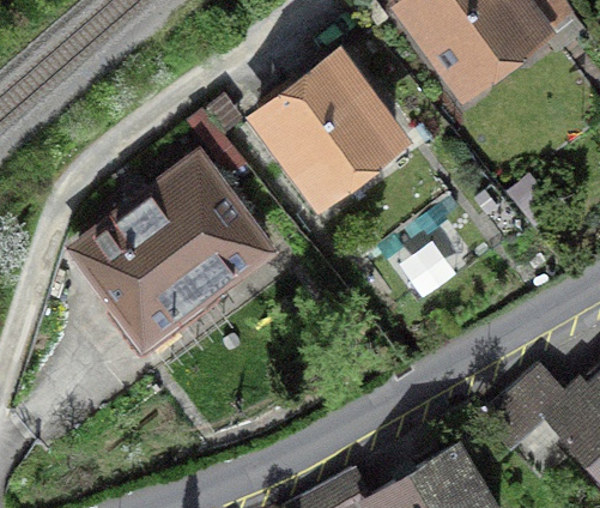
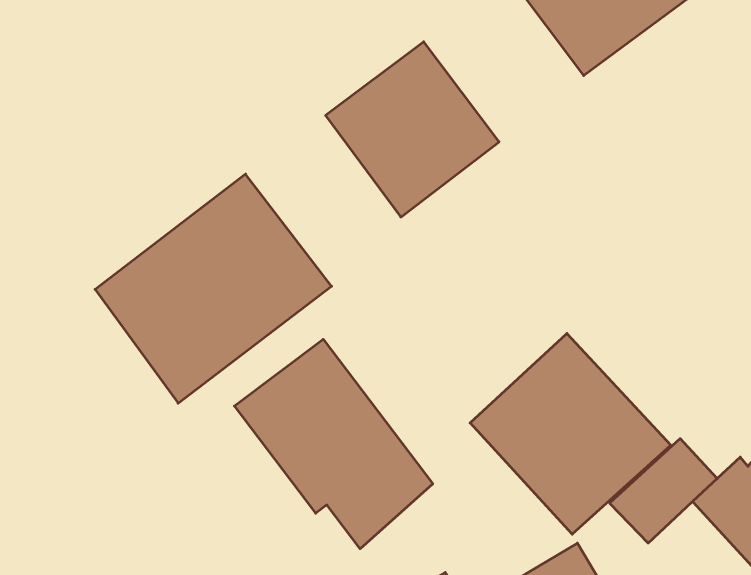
building: none -> [470,333,671,534]
building: none -> [234,339,433,549]

